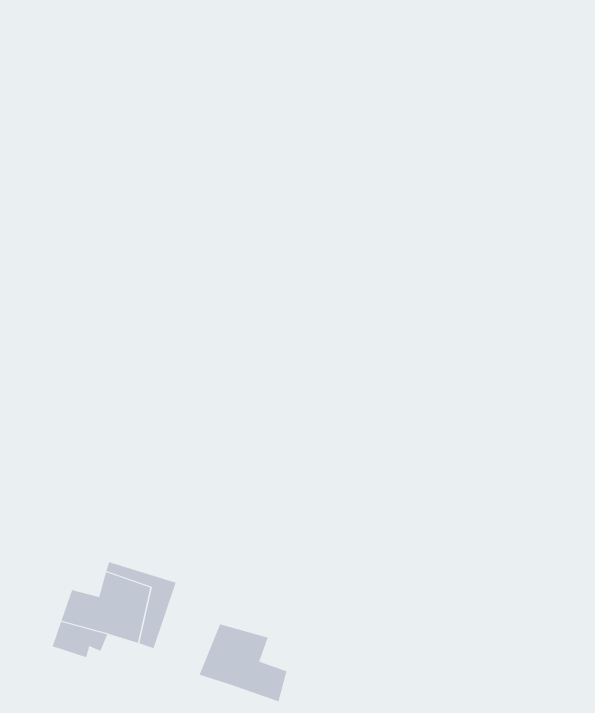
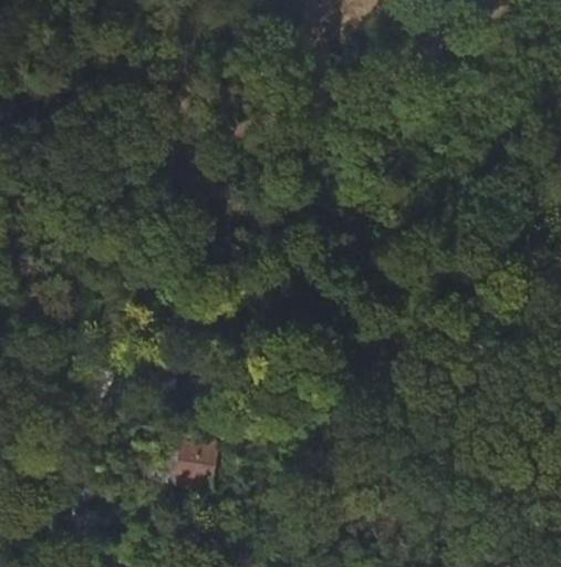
building: [199,624,287,702] -> none

